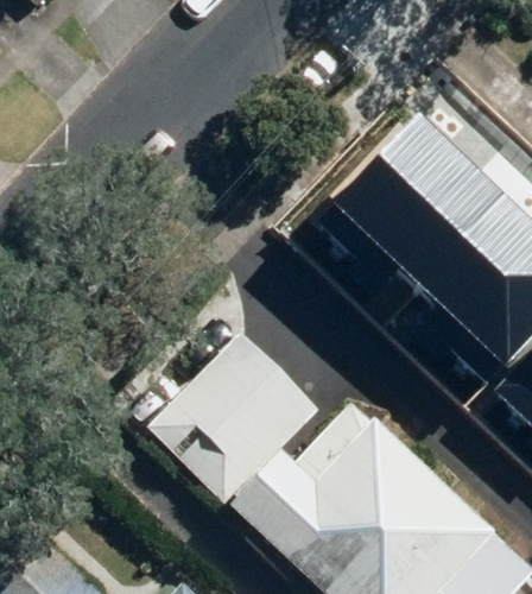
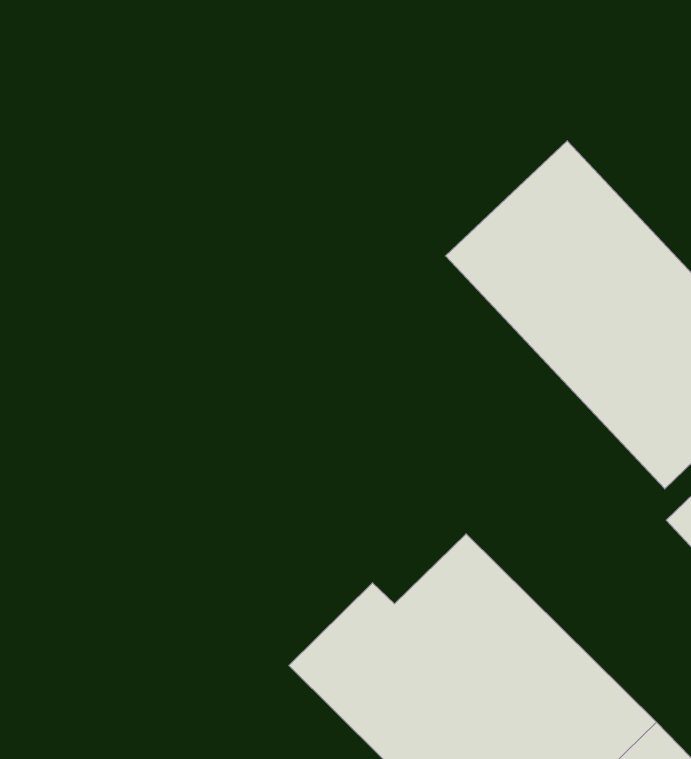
building: [147,333,316,503] -> none

